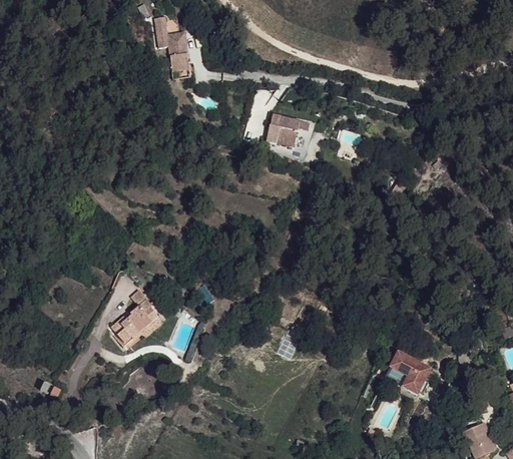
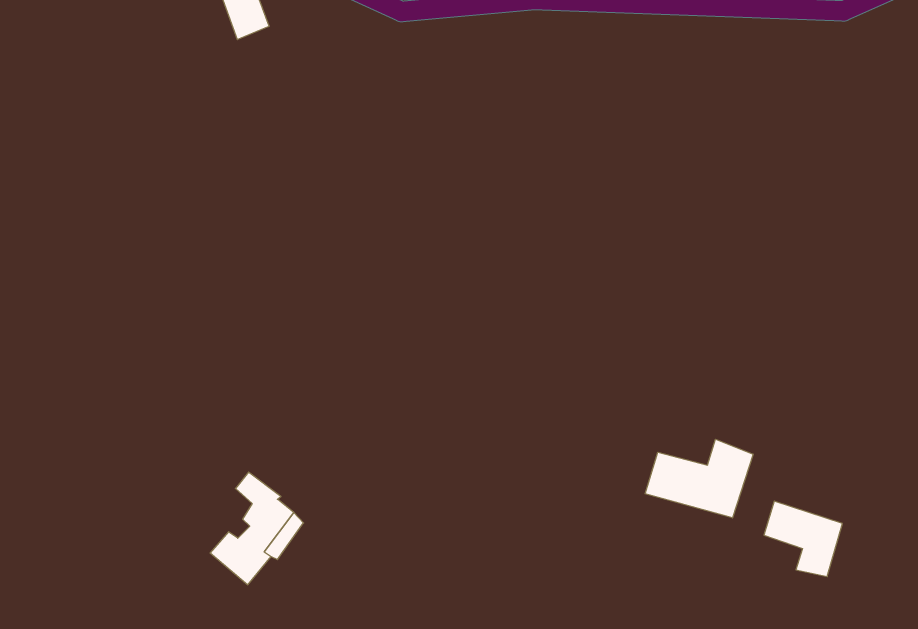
building: [268,111,310,145] -> none
building: none -> [645,439,753,518]

